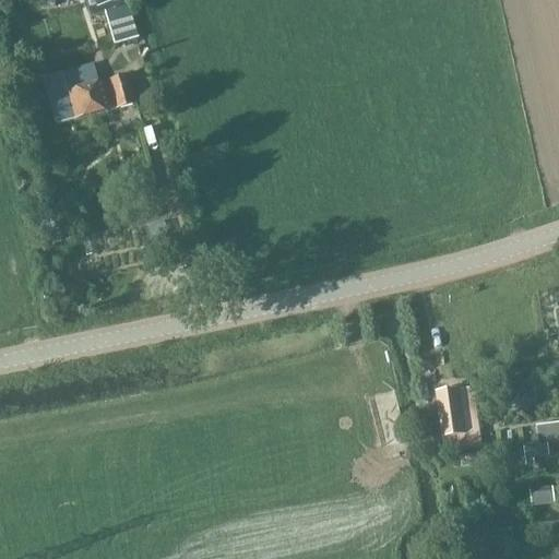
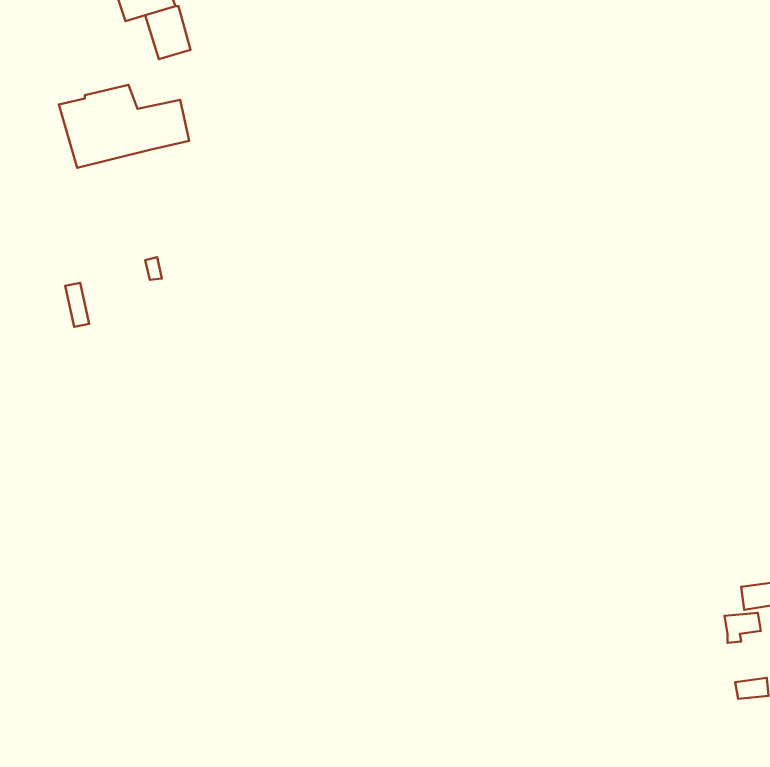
building: [436,385,466,436] -> none

